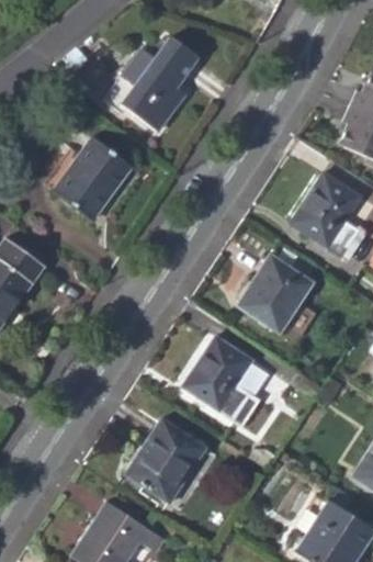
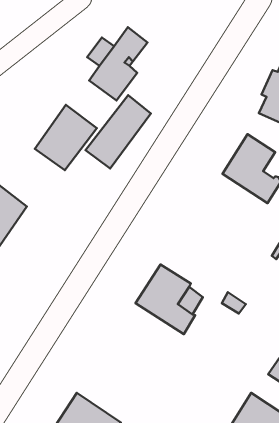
building: none -> [86,95,151,168]
building: [238,254,312,331] -> none
building: [127,419,206,502] -> none

